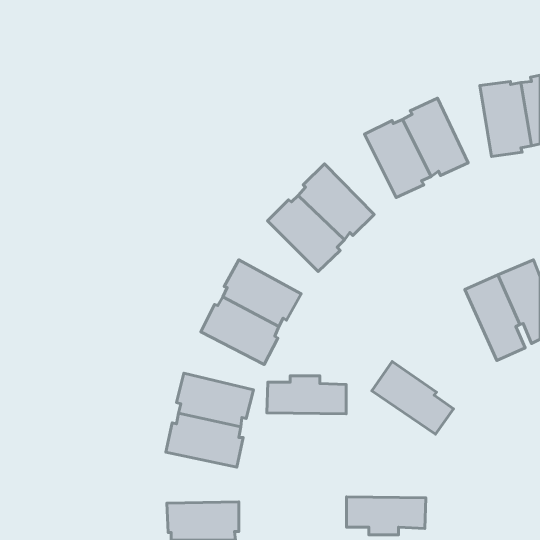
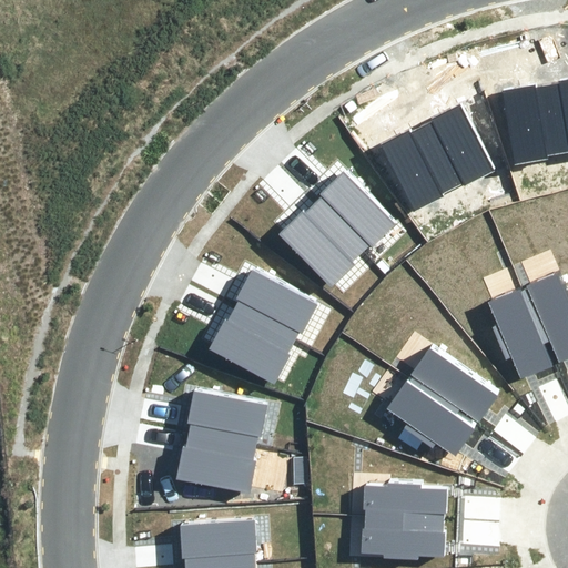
building: none -> [412,346,500,422]
building: [267,376,346,414] -> [364,483,447,523]

